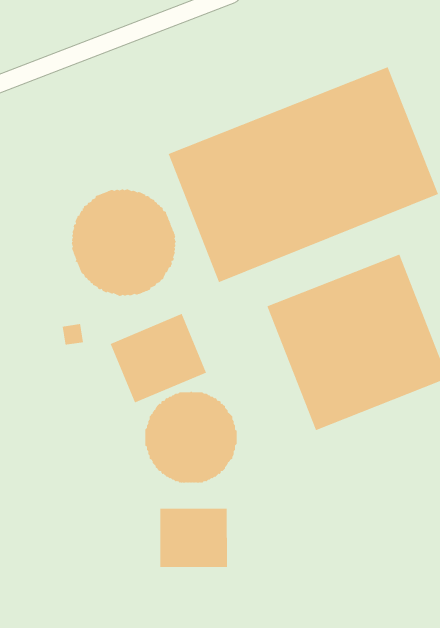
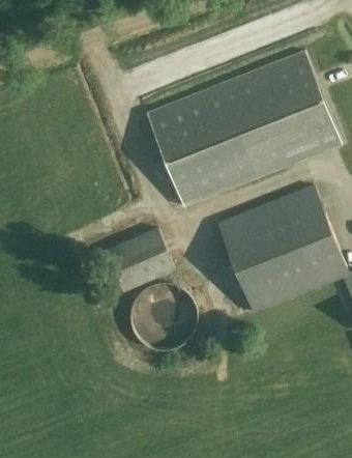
building: [71,188,176,297] -> none
building: [160,508,227,568] -> none

